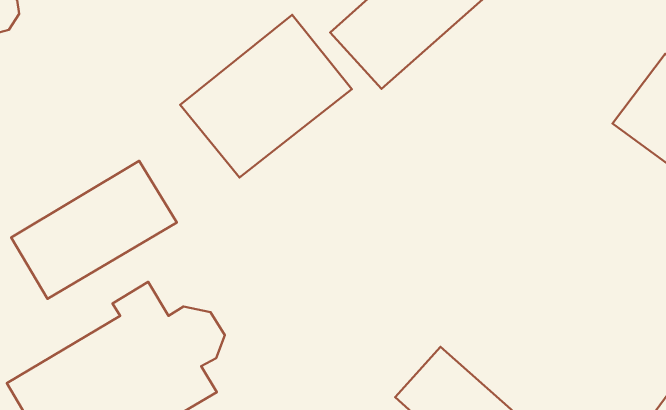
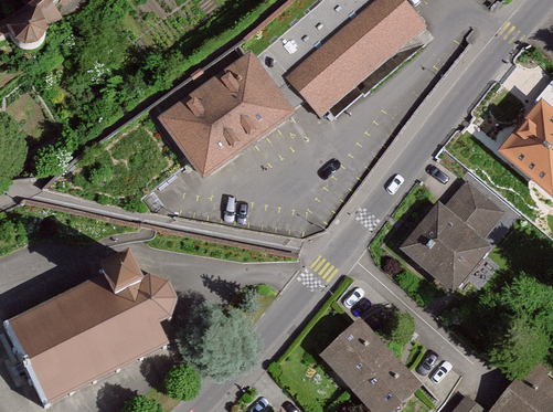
building: [11,161,177,299] -> none
building: none -> [397,179,499,290]

